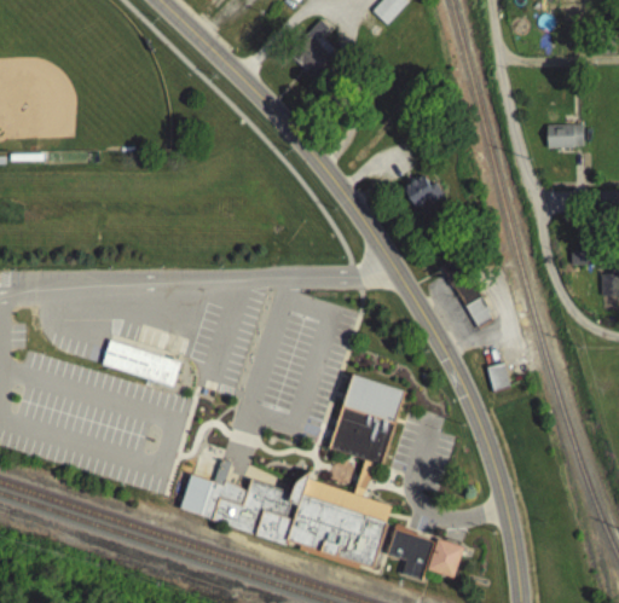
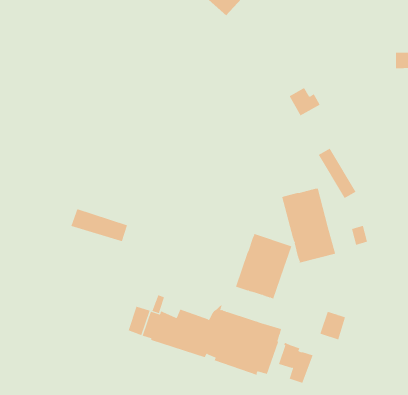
building: none -> [281,188,336,264]
building: [427,538,463,578] -> [319,311,346,340]

